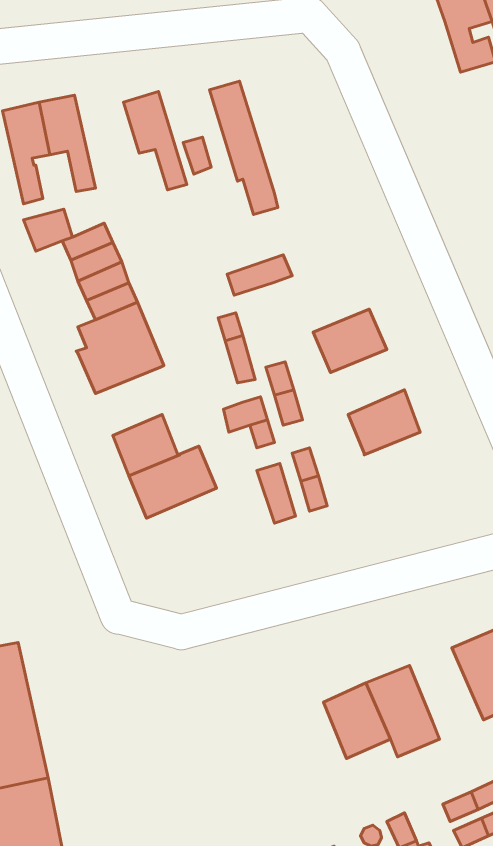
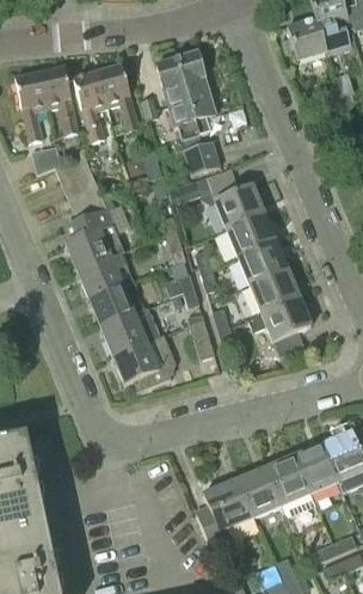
building: none -> [287,16,326,60]
building: none -> [176,50,216,133]
building: none -> [73,71,107,141]
building: none -> [184,140,220,173]
building: none -> [214,183,264,227]
building: none -> [238,239,288,283]
building: none -> [78,251,133,298]
building: none -> [247,295,310,355]
building: none -> [112,333,171,390]
building: none -> [291,442,337,492]
building: none -> [196,479,248,546]

